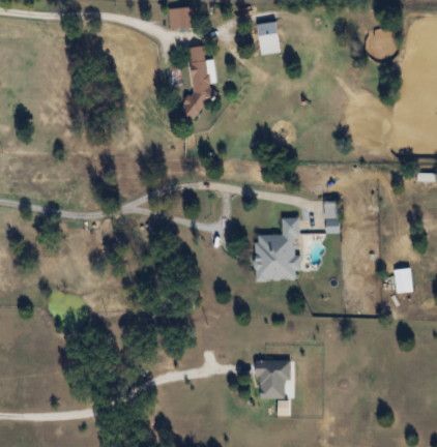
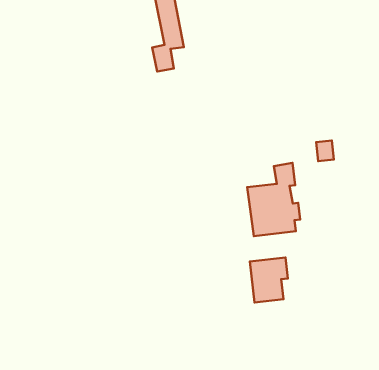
building: [257,359,290,397] -> [250,257,288,303]

